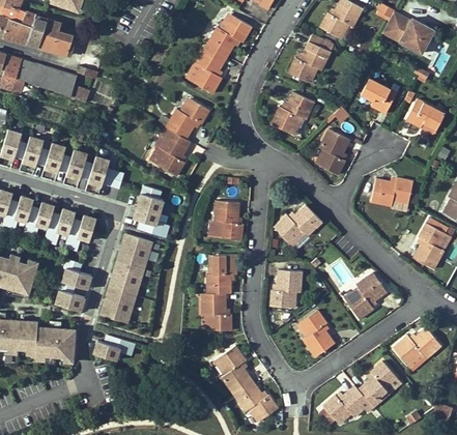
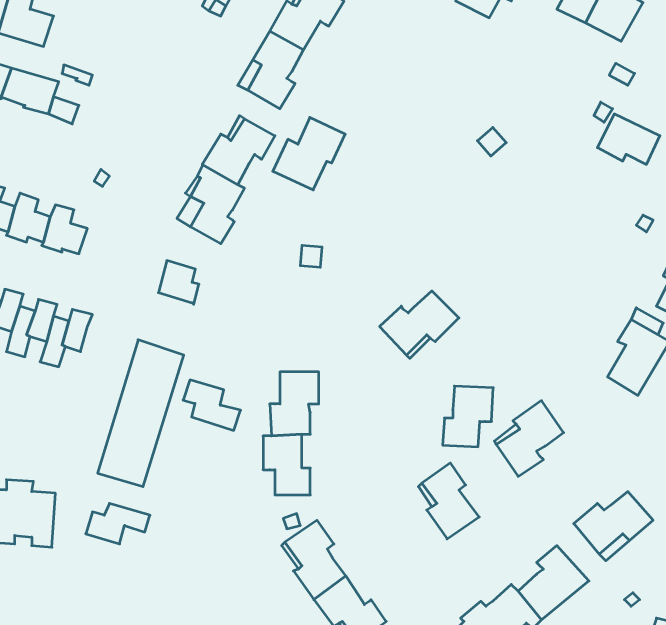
building: [289,33,334,82] -> none
building: [362,76,394,113] -> none
building: [270,90,315,135] -> [273,117,345,190]
building: [316,129,350,174] -> none
building: [88,158,121,191] -> none
building: [372,176,415,208] -> none
building: [208,200,244,240] -> none
building: [134,206,169,237] -> [183,380,241,430]
building: [54,262,93,309] -> none
building: [270,270,302,308] -> [443,386,493,447]

